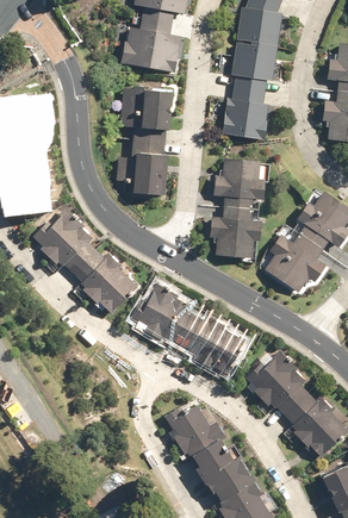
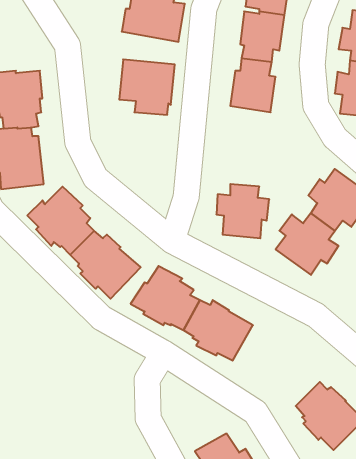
building: [117,138,164,195] -> none
building: [215,157,265,208] -> none
building: [244,351,309,416] -> none
building: [163,405,225,458] -> none

